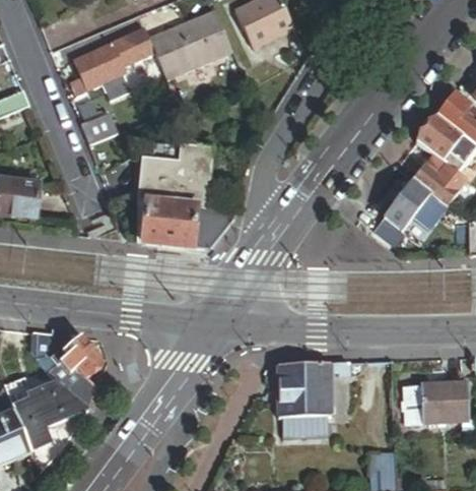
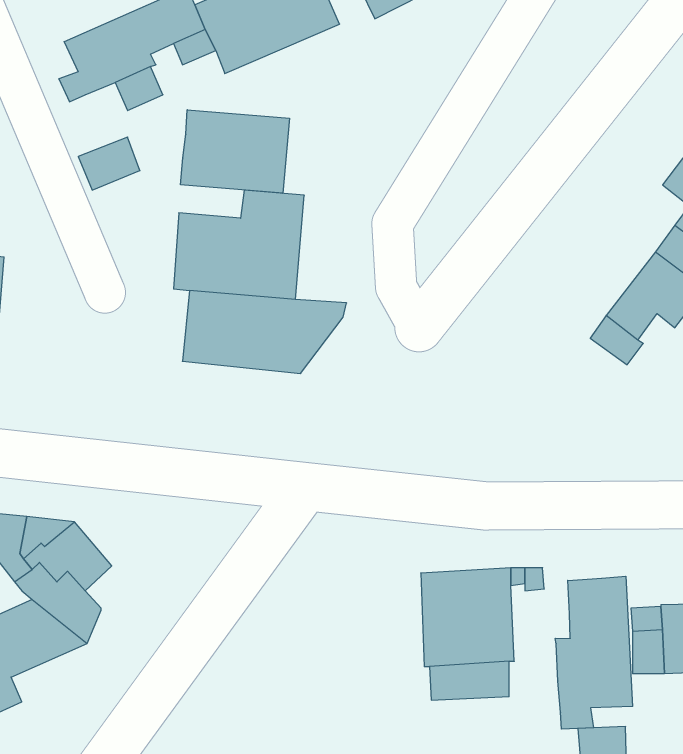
building: none -> [181,110,289,193]
building: none -> [555,576,633,729]

